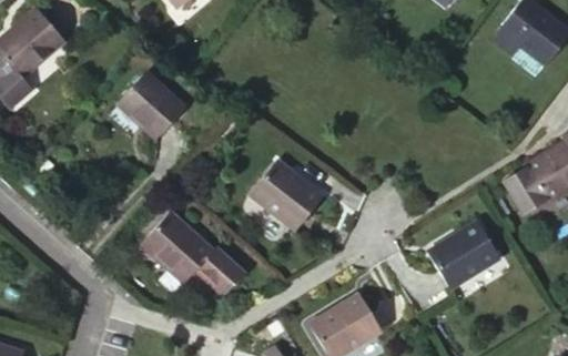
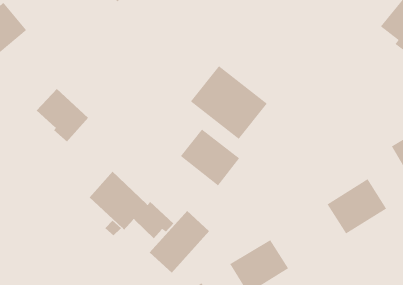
building: [121,73,185,139] -> [36,88,89,143]
building: none -> [190,65,268,140]
building: none -> [149,210,210,274]

